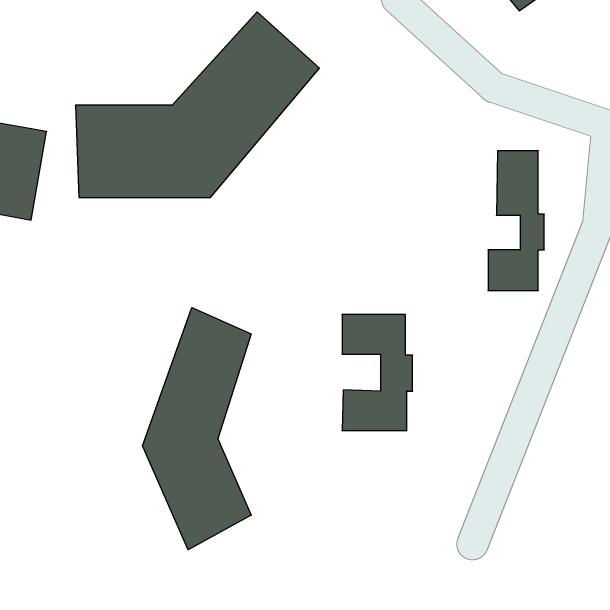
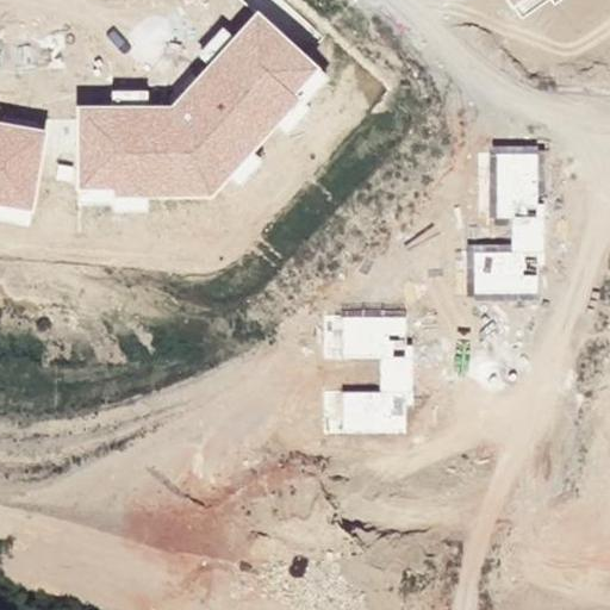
building: [143,308,251,550] -> none

